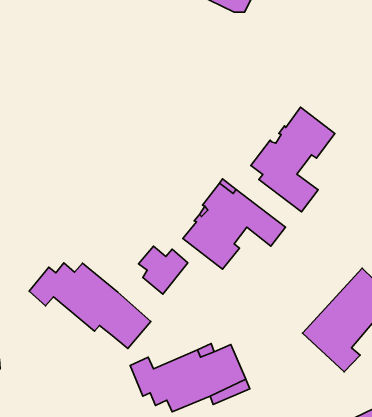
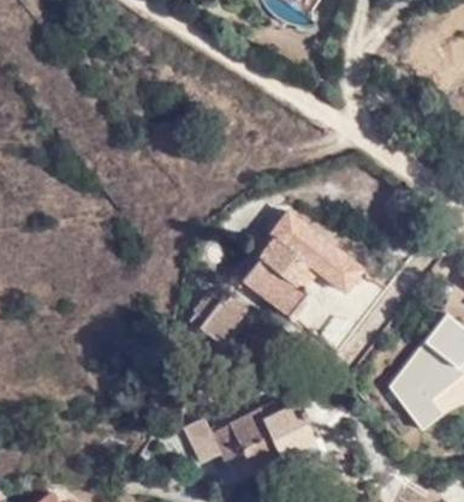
building: [251,107,335,212] -> none
building: [29,263,151,349] -> none

